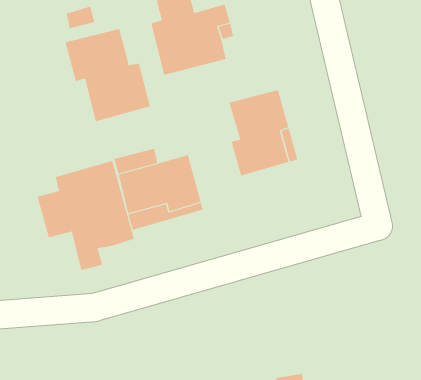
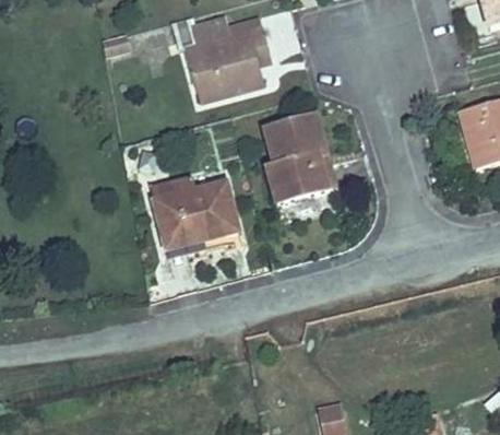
building: [65,28,150,122] -> none
building: [37,160,134,271] -> none

